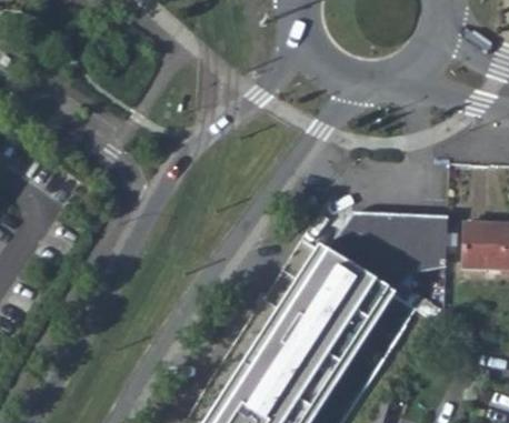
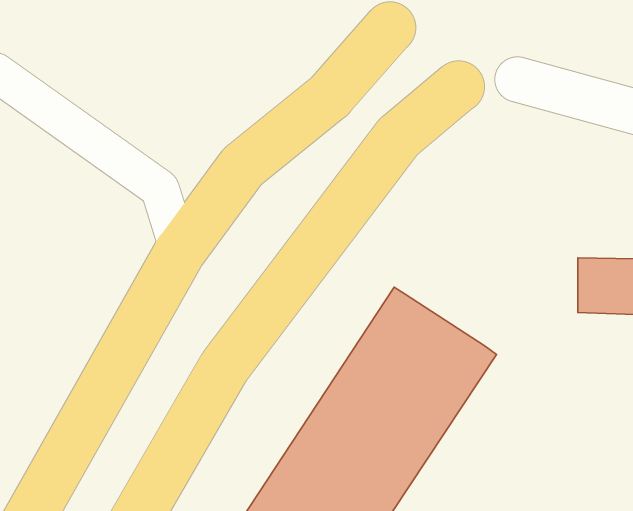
building: [327,213,448,292] -> none

